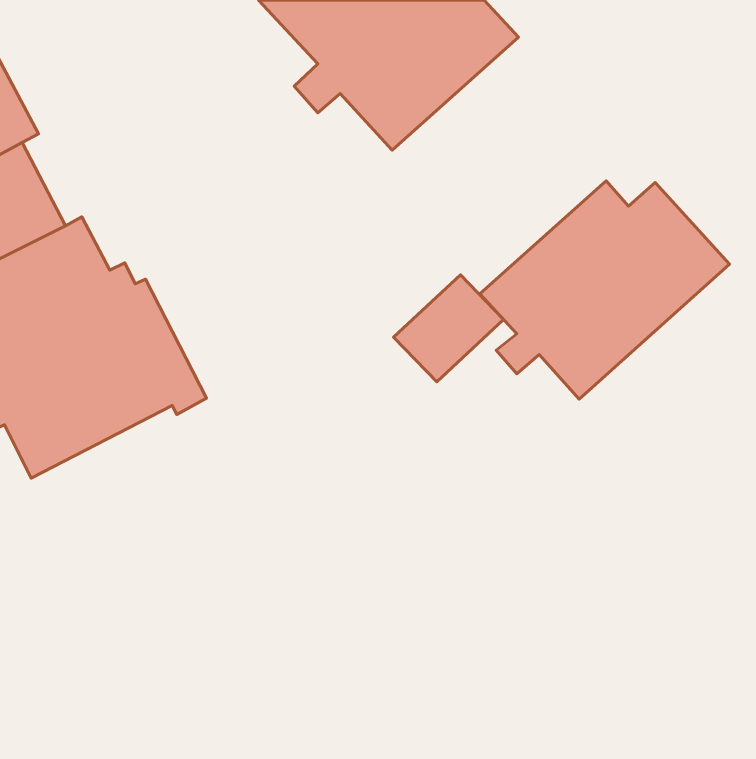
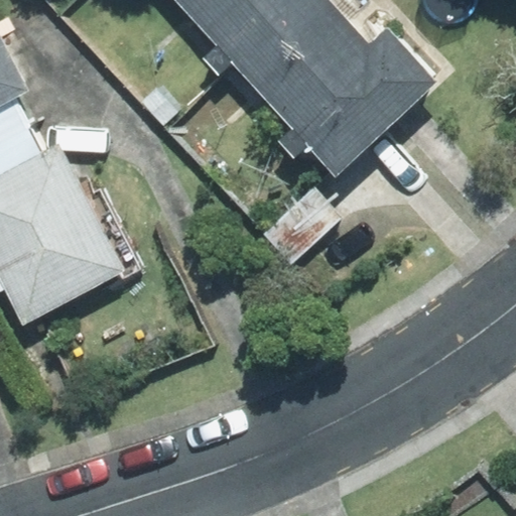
building: [480,181,729,399] -> [266,25,435,173]

